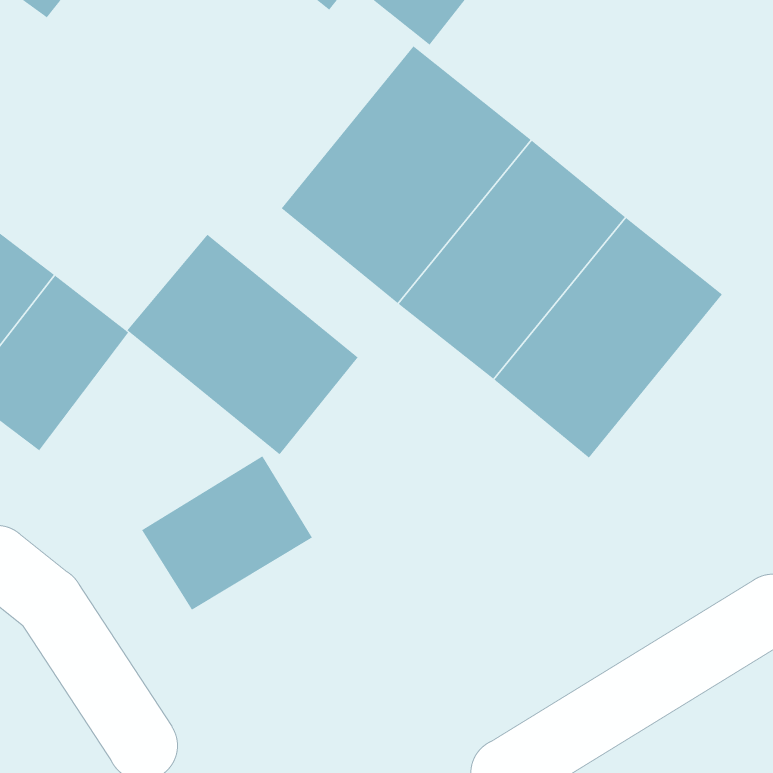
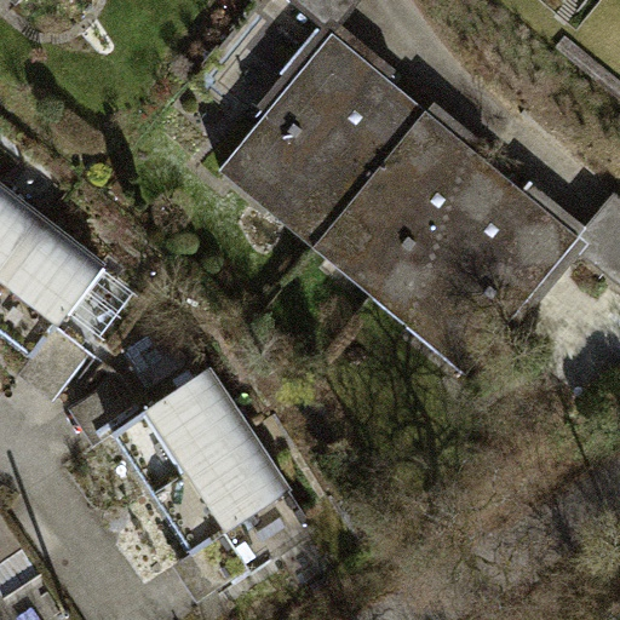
building: [126,234,359,455] -> none
building: none -> [153,429,286,549]

